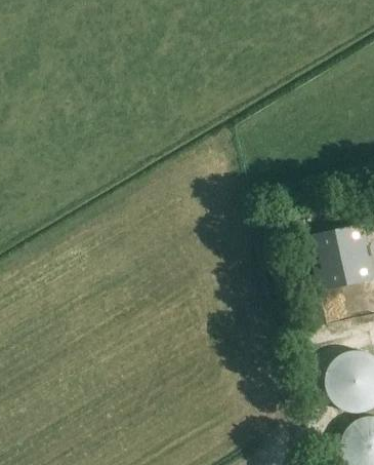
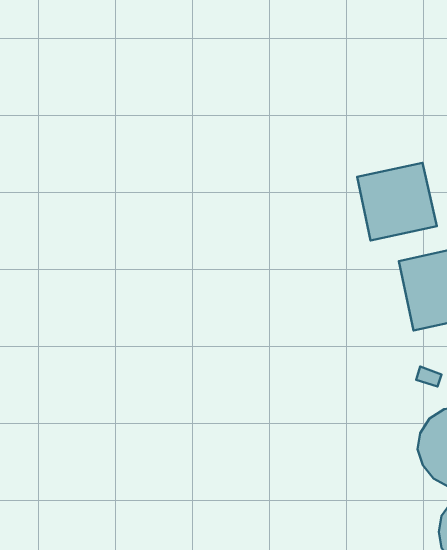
building: none -> [357,163,437,241]

